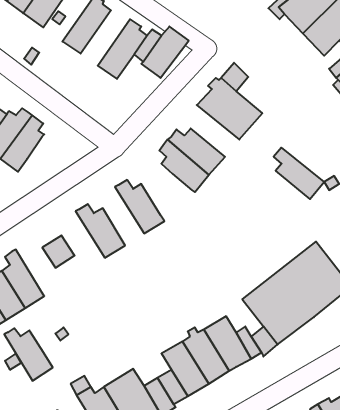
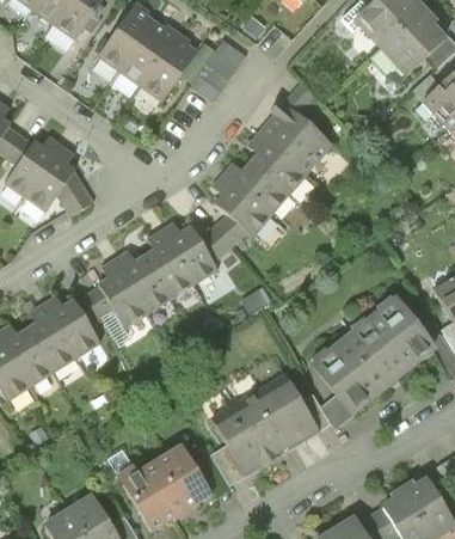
building: none -> [118,20,177,86]
building: none -> [55,170,93,218]
building: [274,148,324,199] -> [246,133,306,194]
building: none -> [198,214,250,263]
building: none -> [145,229,193,299]
building: none -> [94,258,147,329]
building: [4,328,53,381] -> [42,296,99,359]

